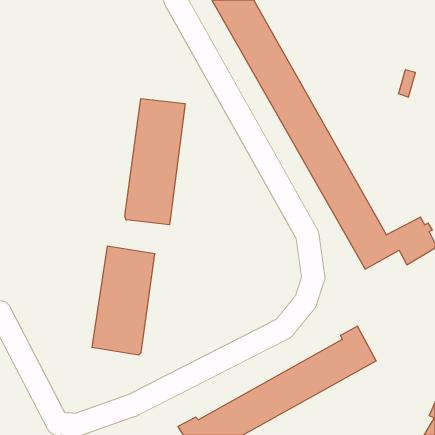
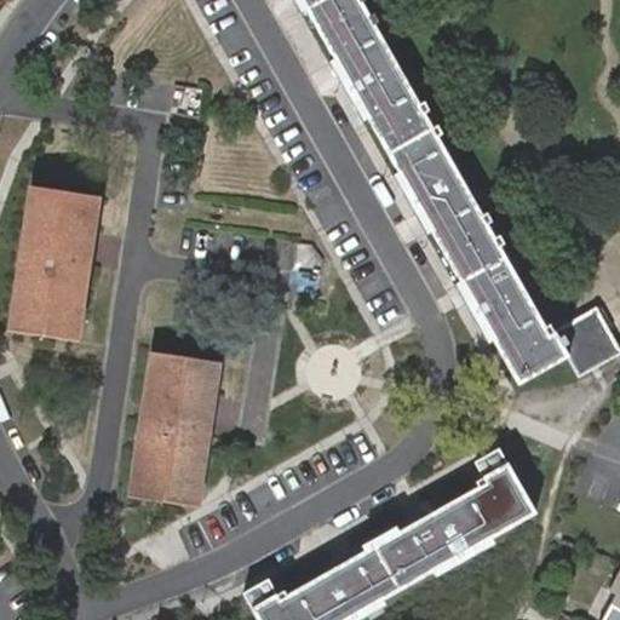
building: [125,99,185,225] -> none
building: none -> [10,186,98,340]

